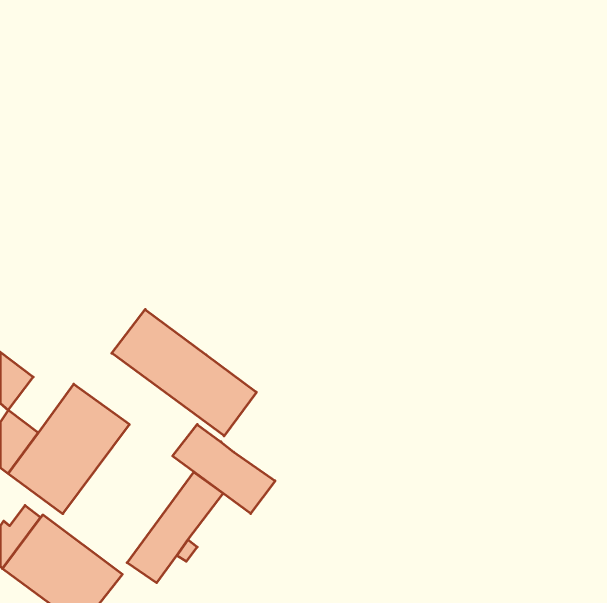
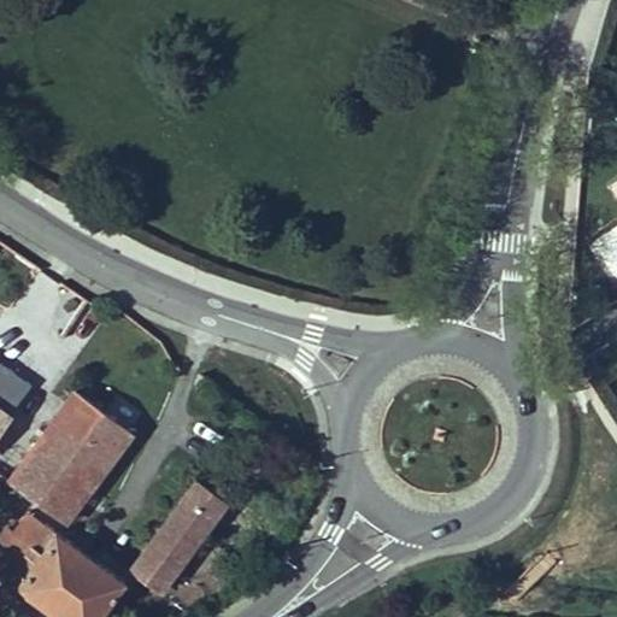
building: [112,309,256,436] -> none
building: [173,424,275,514] -> none

